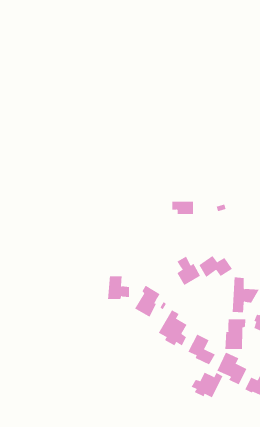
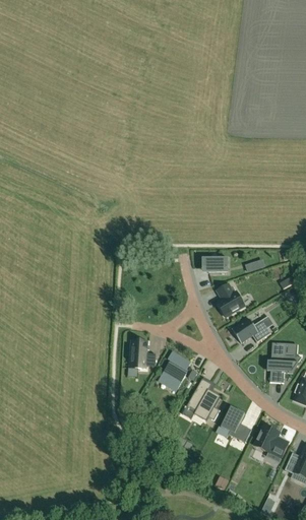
building: [177,256,201,286] -> [217,283,244,317]
building: [225,318,246,350] -> none
building: [191,372,223,398] -> none

